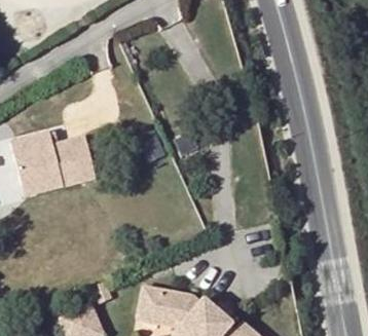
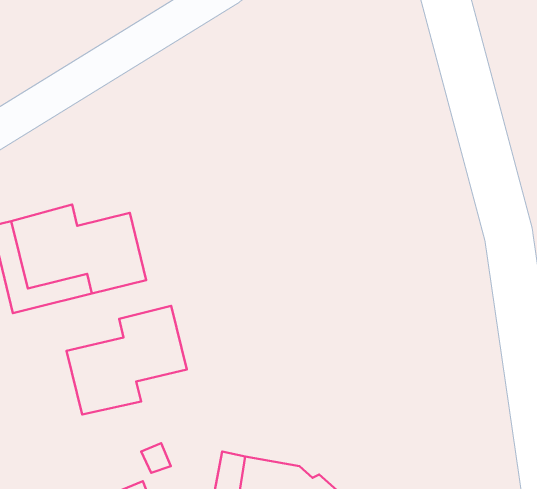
building: none -> [67,306,187,414]

